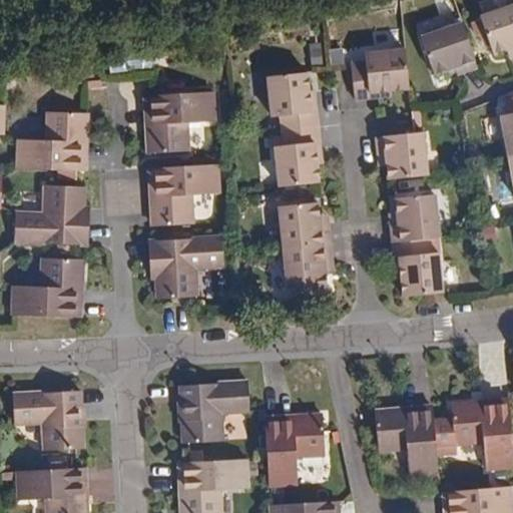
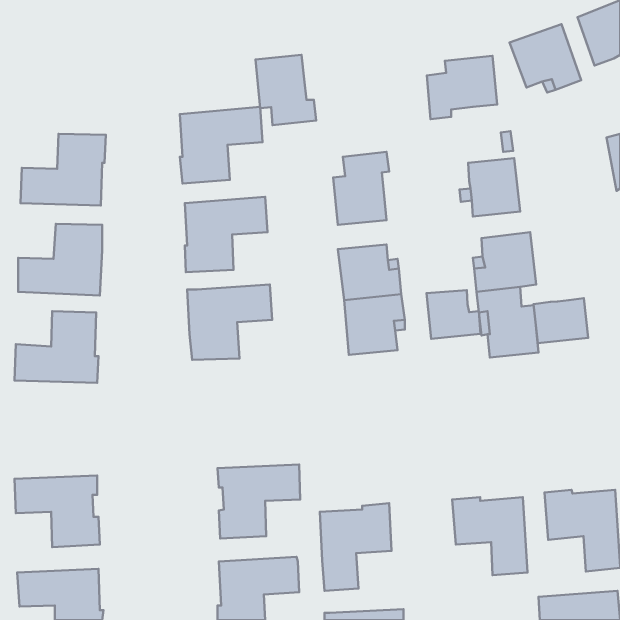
building: [269,71,319,129] -> [255,55,316,125]
building: none -> [426,290,480,339]
building: none -> [534,298,588,343]

